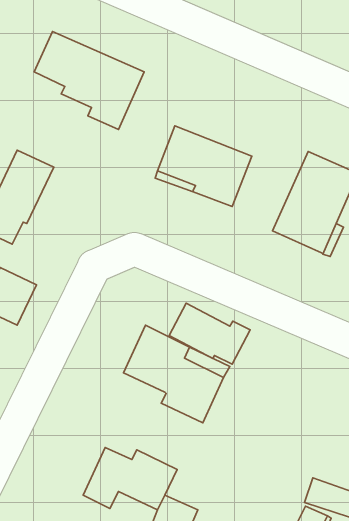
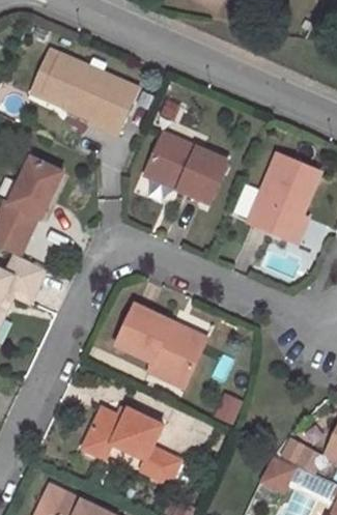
building: none -> [27,51,69,114]
building: [169,303,250,364] -> none

